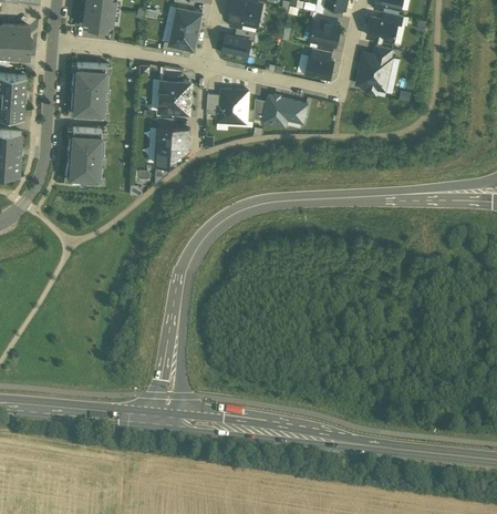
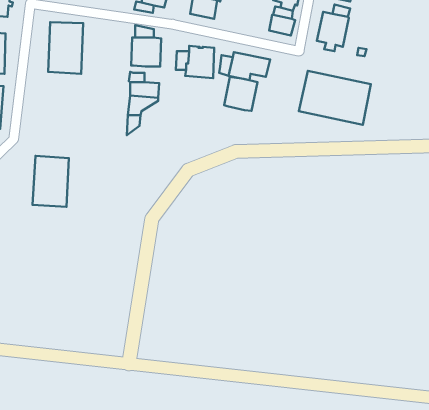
building: none -> [299,71,371,125]
building: none -> [224,77,257,111]
building: [66,130,105,184] -> [32,156,69,207]

